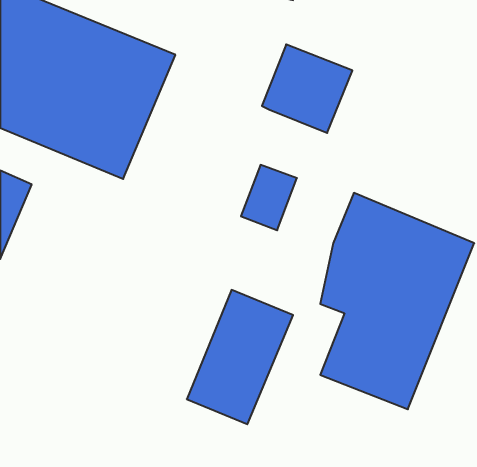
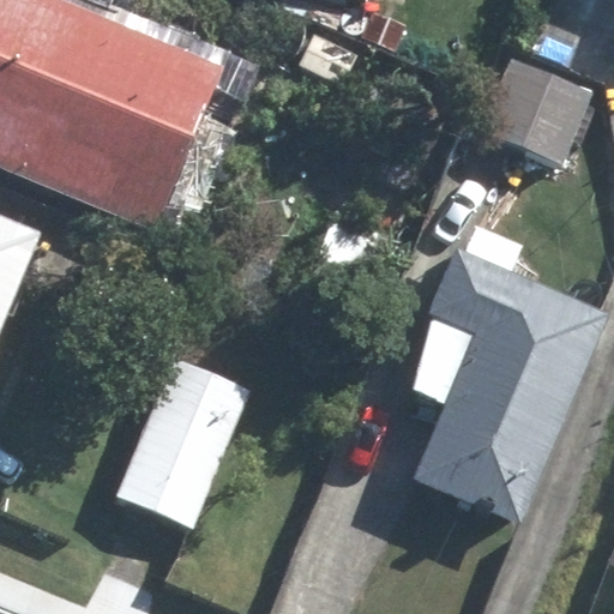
building: [262,44,352,133] -> [478,50,595,164]
building: [187,290,293,424] -> [115,353,252,525]

